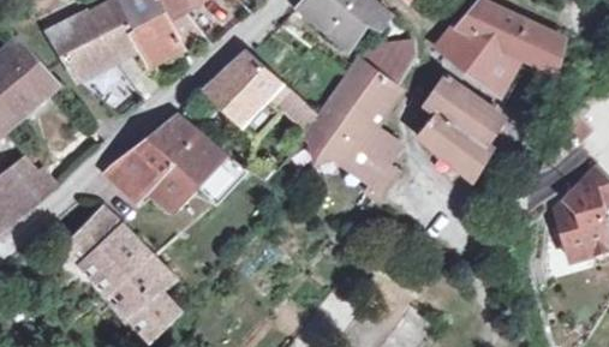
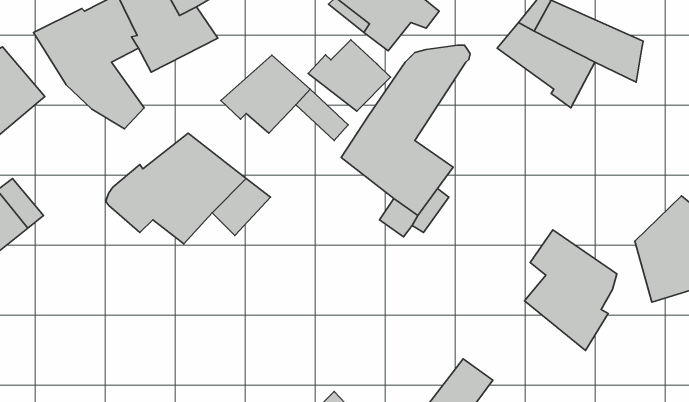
building: none -> [308,40,391,111]
building: [419,77,497,179] -> [525,230,617,350]
building: [64,204,180,337] -> none

